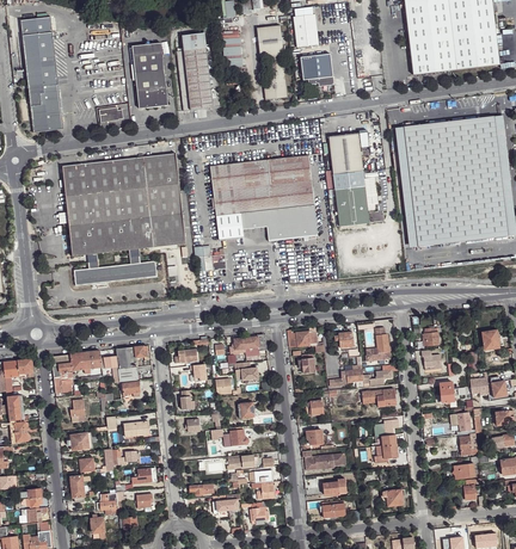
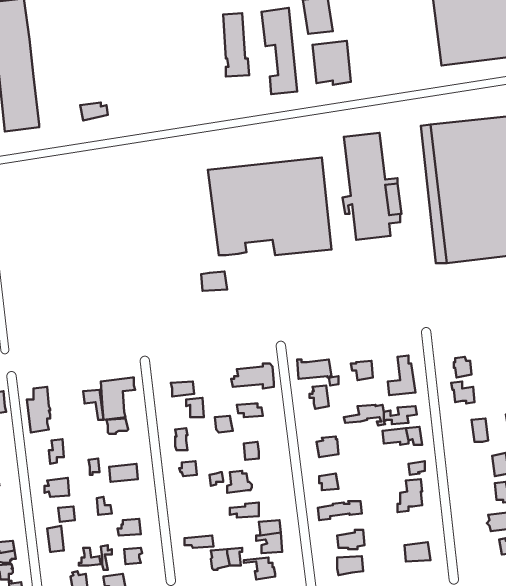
building: [177,33,213,111] -> none
building: [131,43,168,109] -> none
building: [62,154,186,285] -> none
building: [70,351,103,371] -> none

